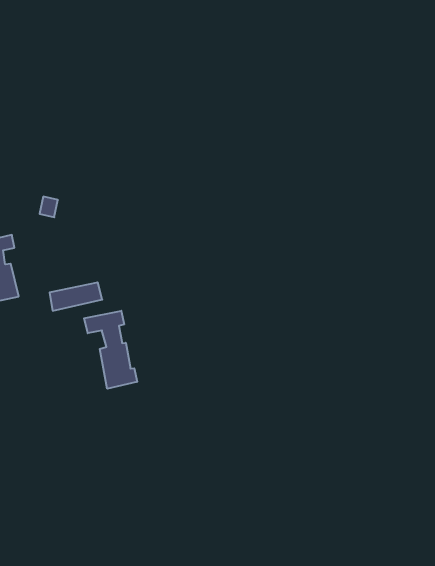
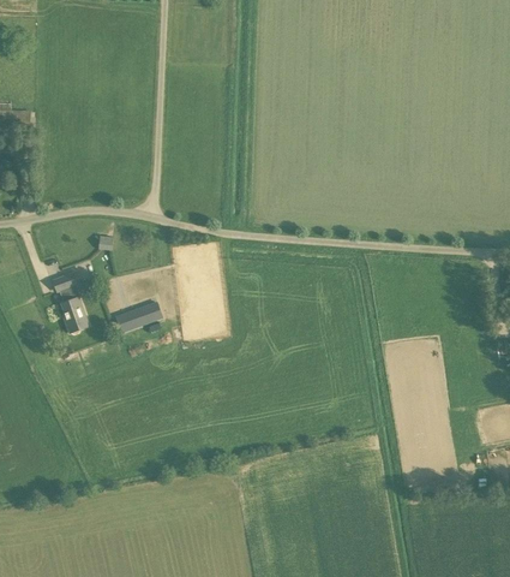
building: [84,311,137,389] -> none

